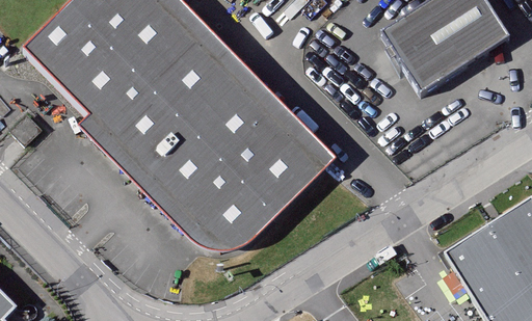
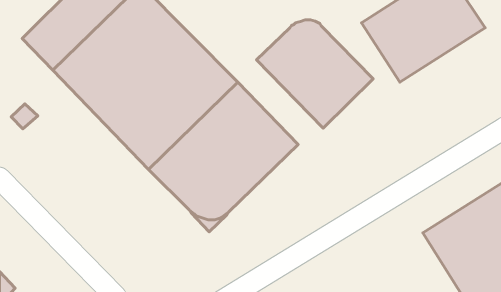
building: none -> [256,20,373,128]

